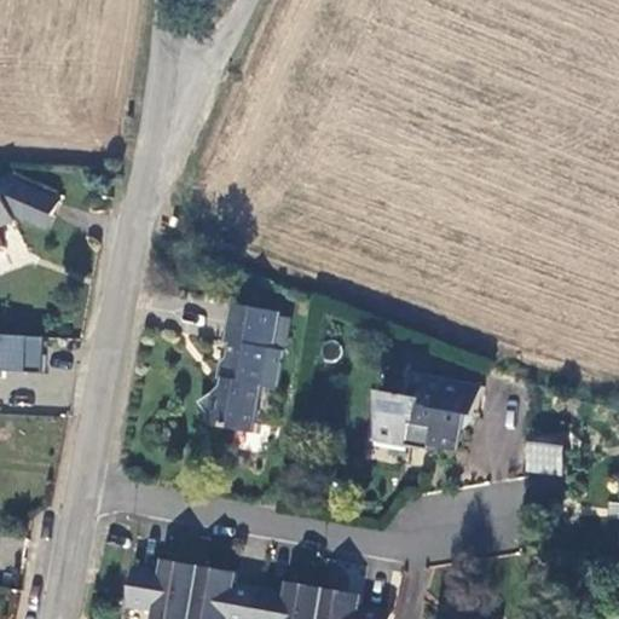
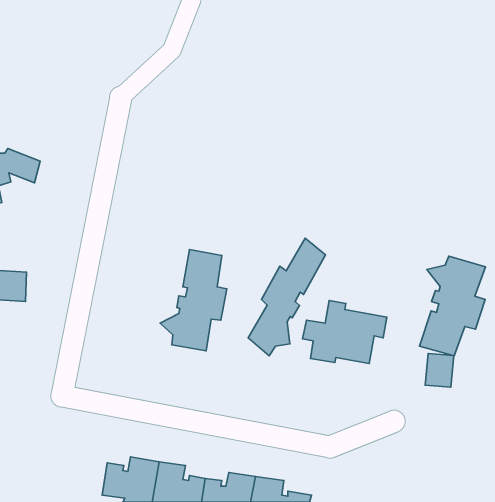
building: none -> [248,238,325,356]
building: none -> [420,256,486,356]

